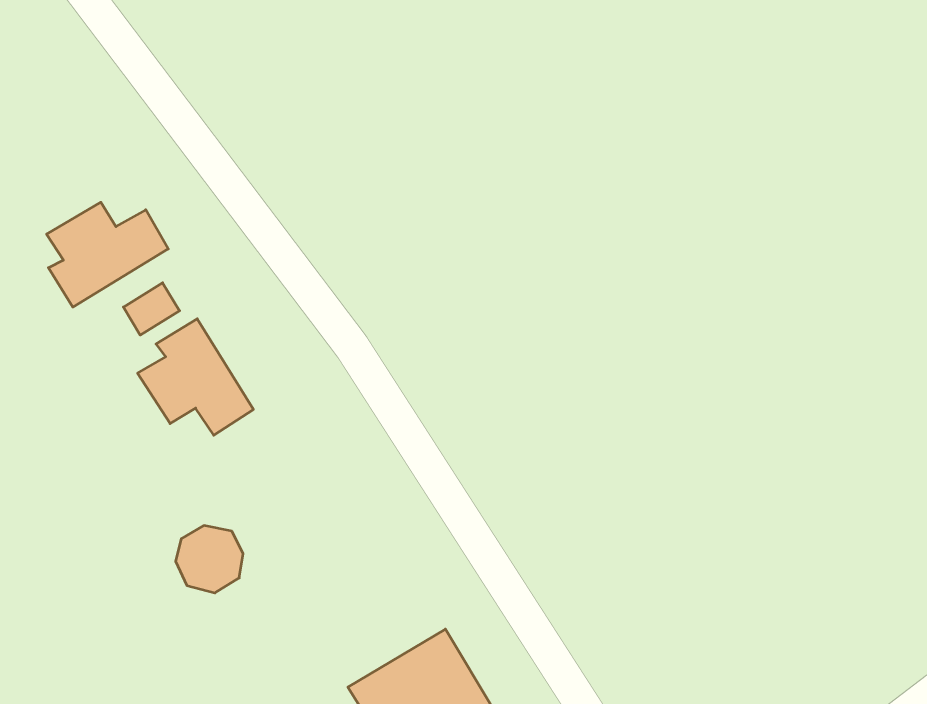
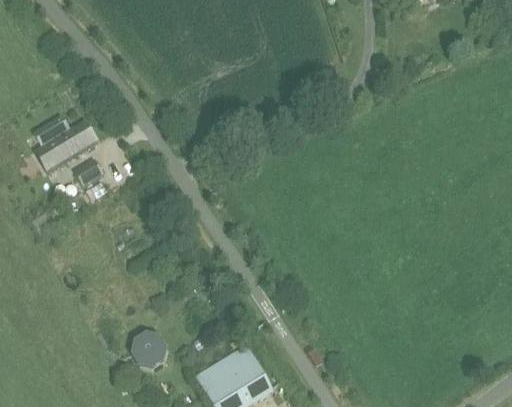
building: [138,319,253,435] -> none
building: [176,526,243,593] -> [132,334,168,370]

